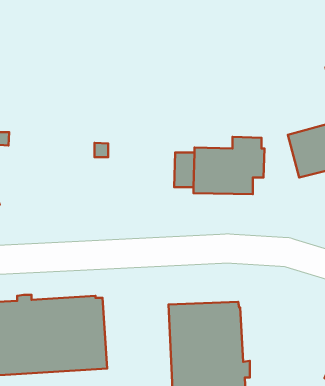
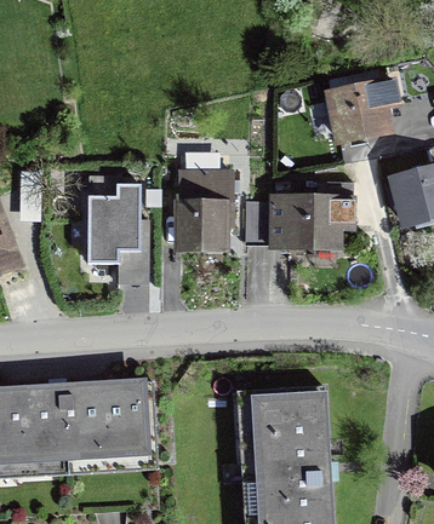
building: none -> [322,76,401,148]
building: none -> [172,151,241,254]
building: none -> [86,174,149,284]

